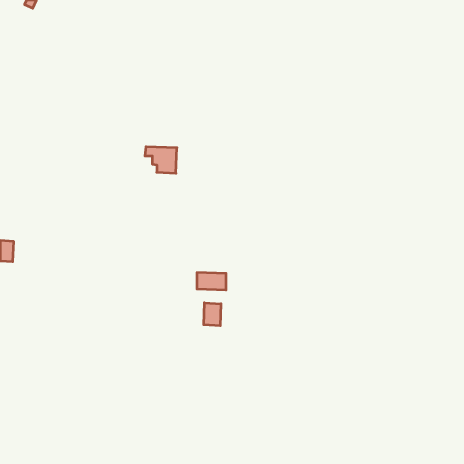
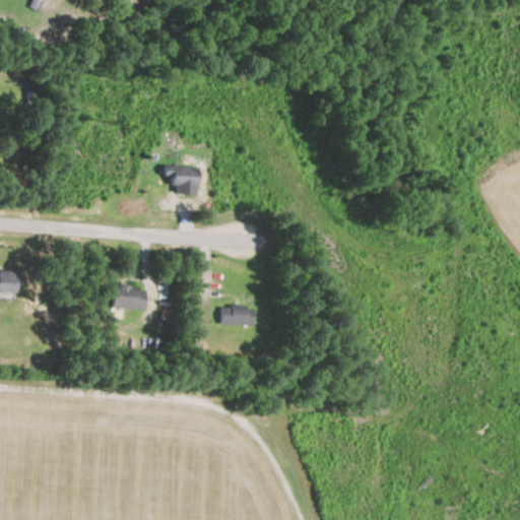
building: none -> [113,285,146,310]
building: [204,303,221,326] -> none

